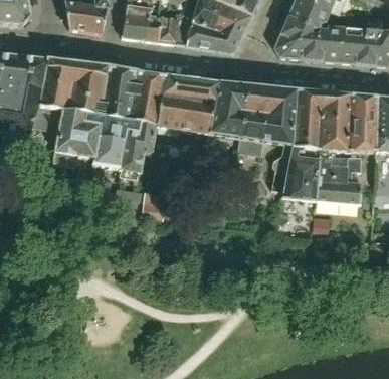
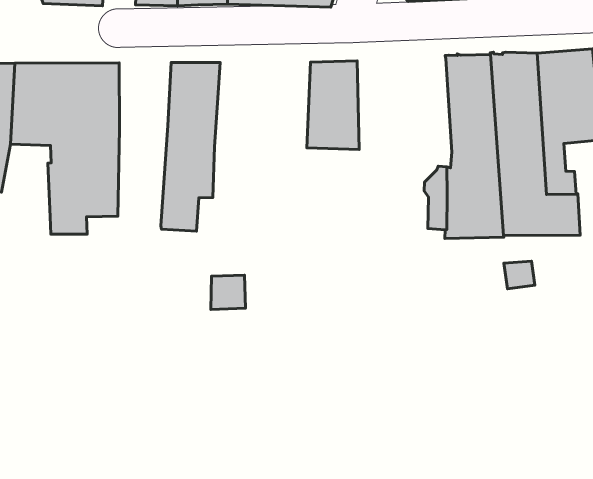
building: [93,66,138,164] -> none
building: [156,74,218,132] -> none
building: [238,84,297,152] -> none

